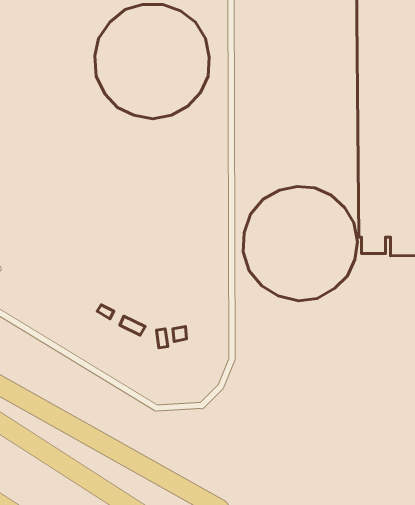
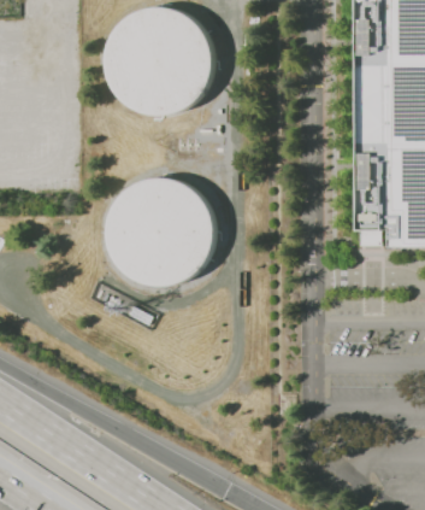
building: [243,186,358,301] -> [104,177,213,287]

